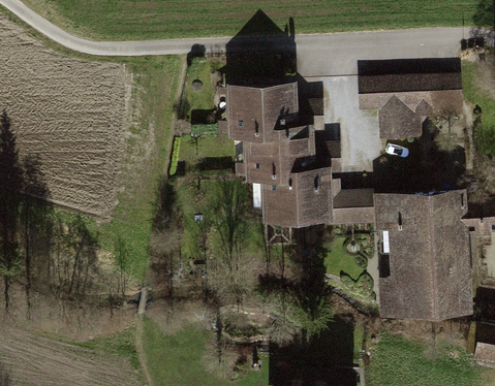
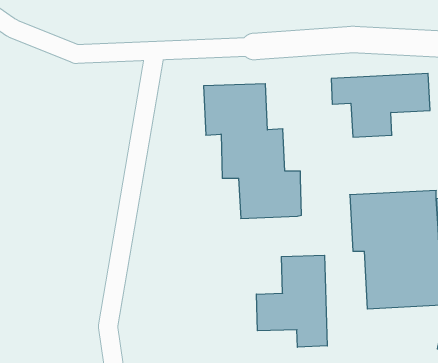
building: [326,182,375,227] -> none
building: none -> [256,255,327,347]

